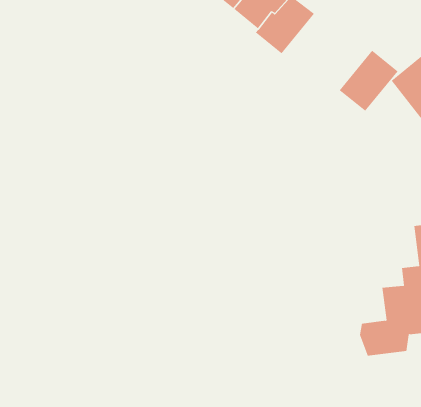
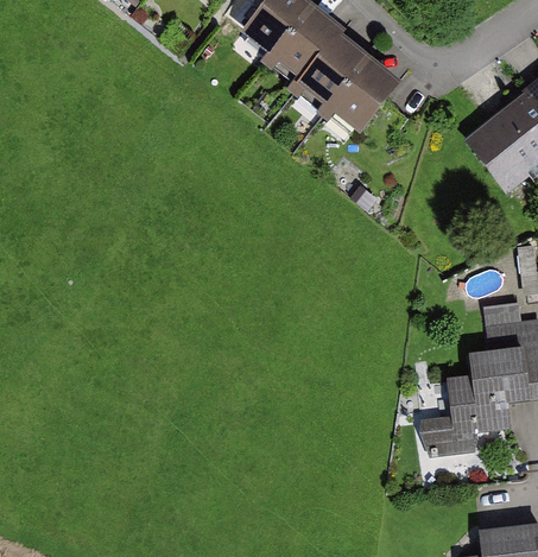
building: [339,50,398,112] -> [331,61,400,132]

